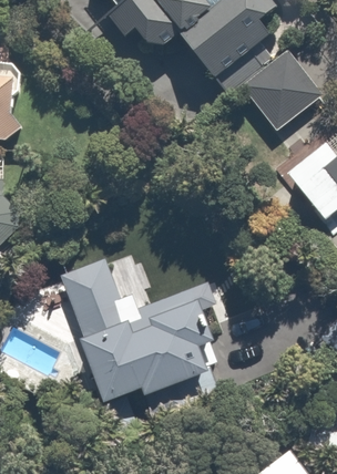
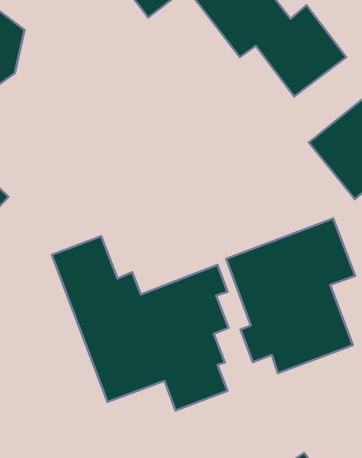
building: none -> [226,218,355,373]

